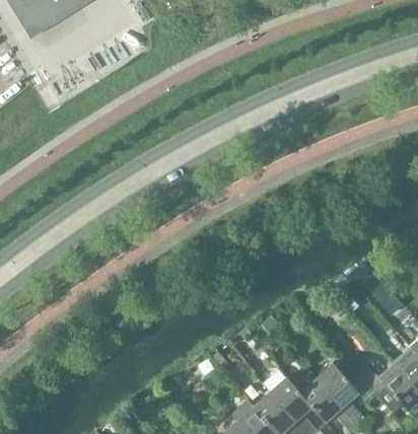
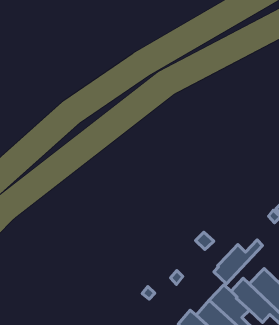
building: none -> [214,240,262,284]

